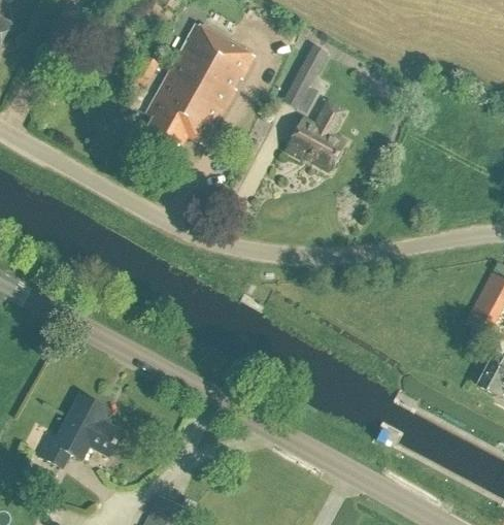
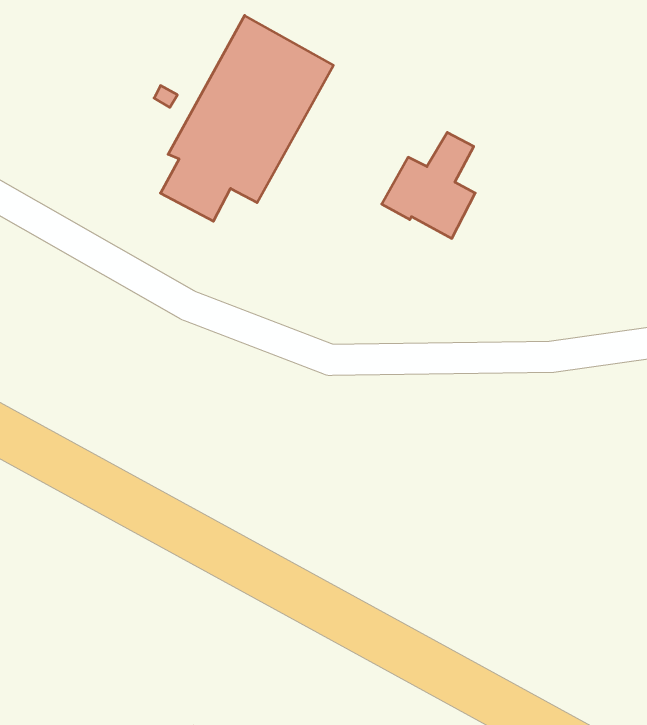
building: [284,42,330,111] -> none
building: [40,392,123,465] -> none

